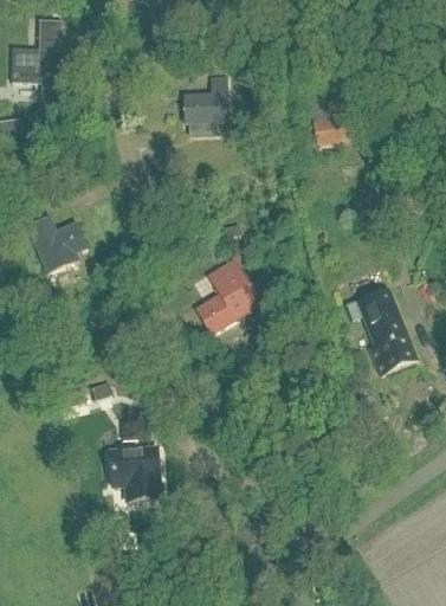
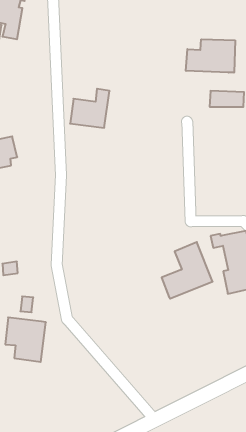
building: none -> [186,39,235,73]
building: [181,75,226,124] -> [70,89,110,128]
building: [195,258,260,335] -> [162,242,213,299]

